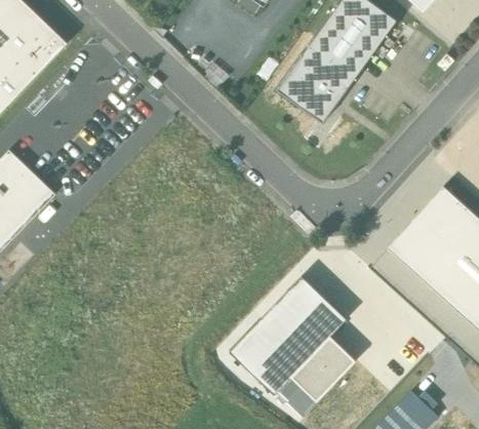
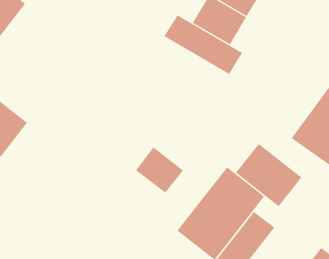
building: none -> [164,14,243,75]
building: none -> [135,146,184,193]
building: none -> [235,143,302,207]

